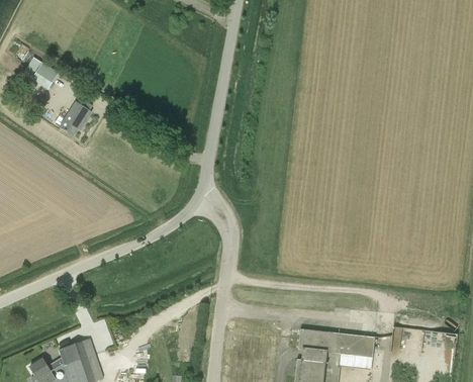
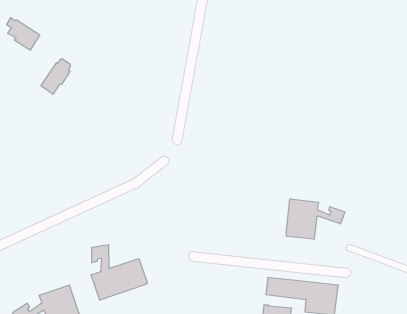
building: none -> [286,199,345,239]
building: none -> [91,245,147,300]

